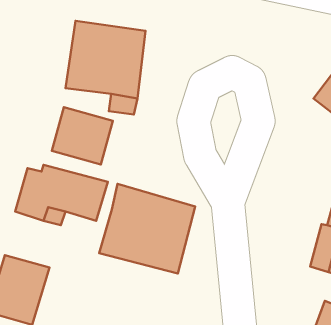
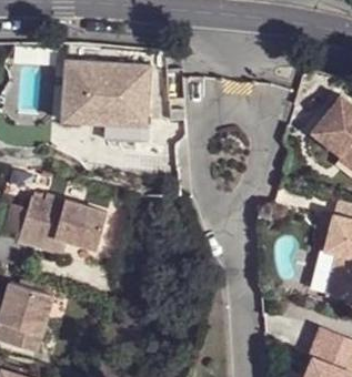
building: [52,107,113,165] -> none
building: [99,184,195,273] -> none

